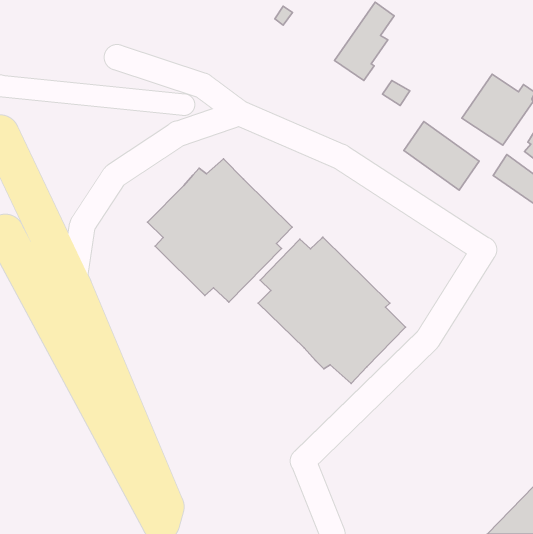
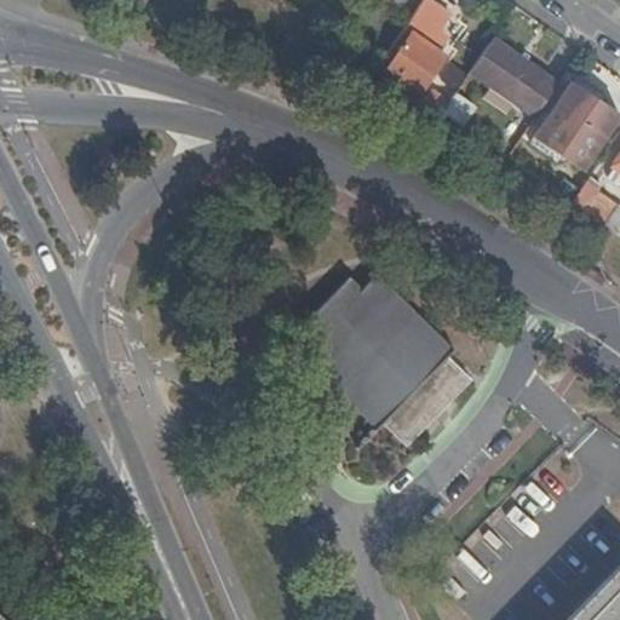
building: [404,121,479,190] -> [472,38,559,117]
building: [148,159,292,302] -> none

